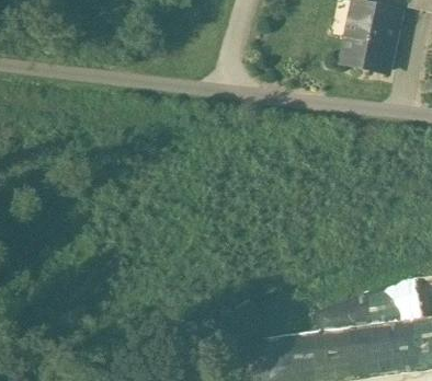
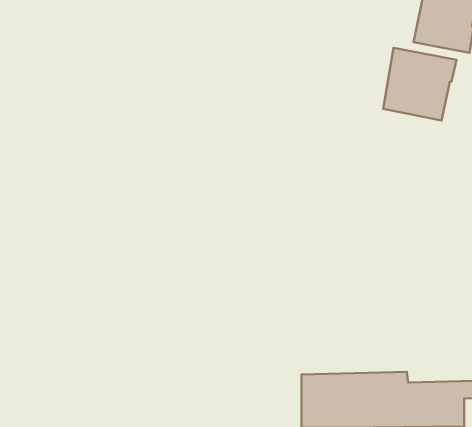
building: none -> [383,48,457,121]

